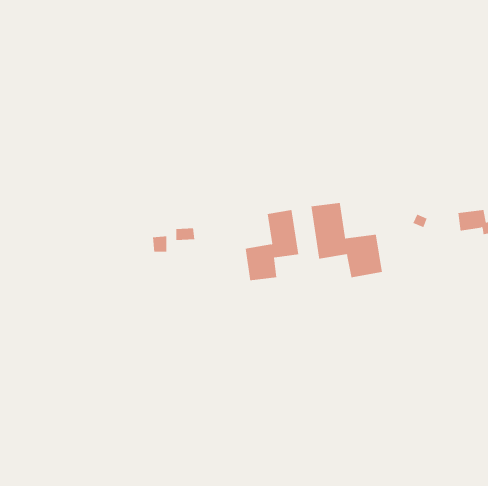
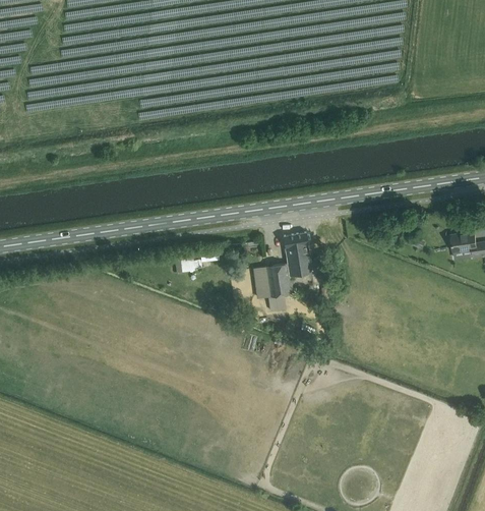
building: [311,202,382,278] -> none

